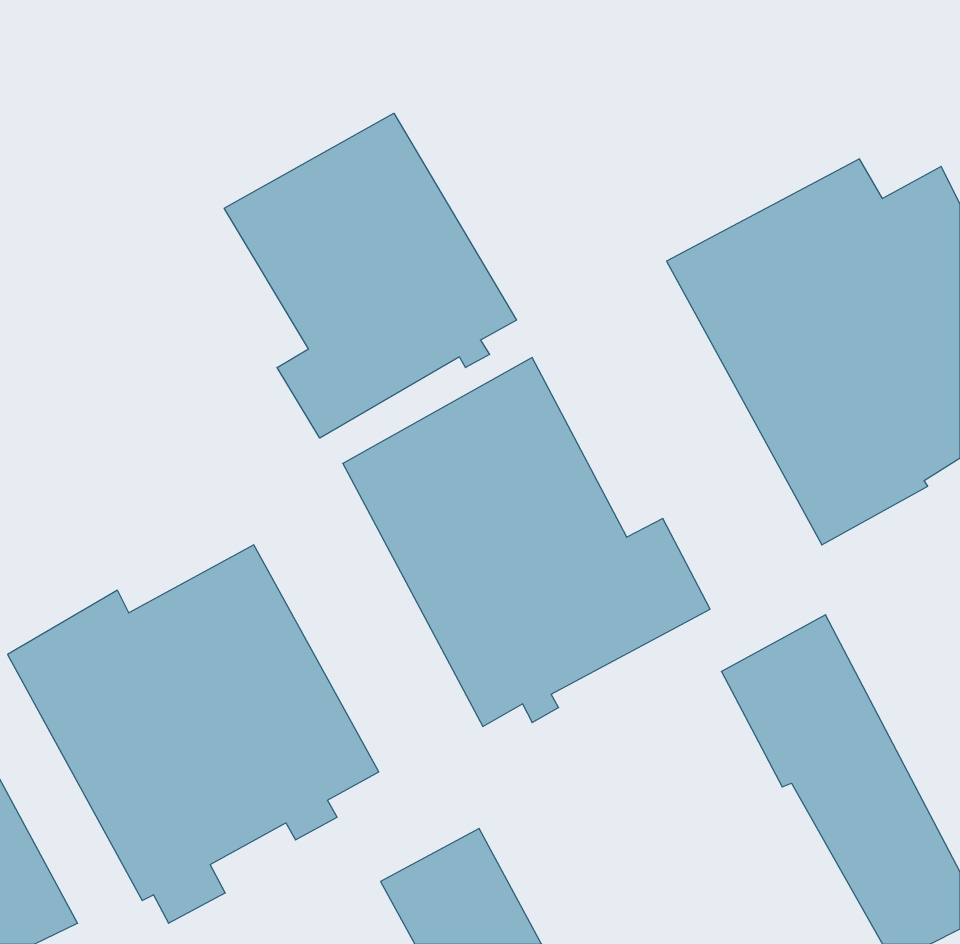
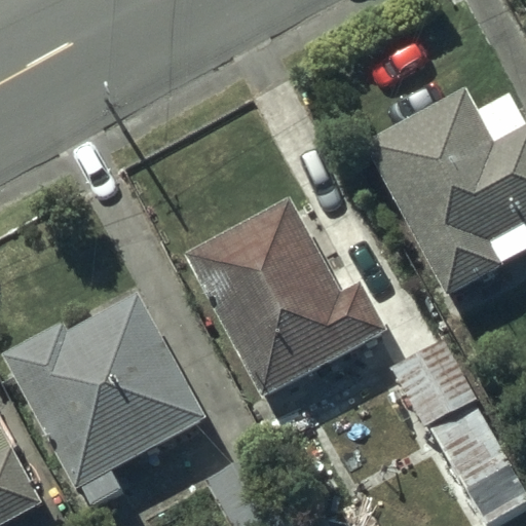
building: [224,113,516,438] -> none

